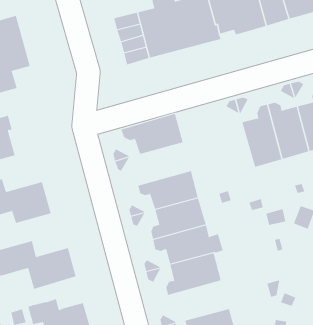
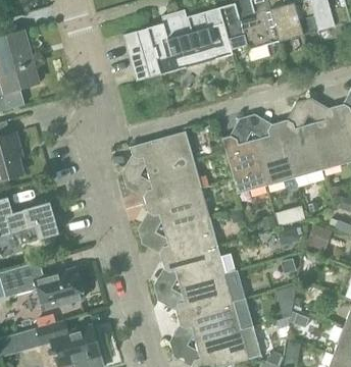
building: none -> [221,136,266,195]
building: none -> [145,161,202,205]
building: none -> [178,298,253,343]

